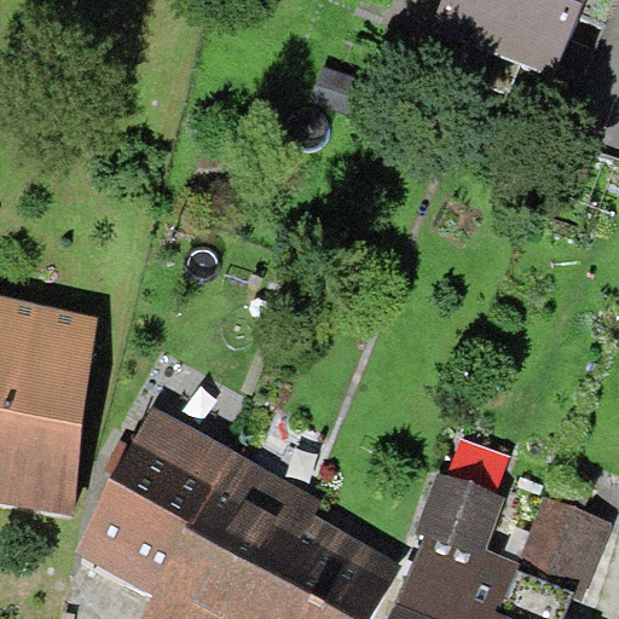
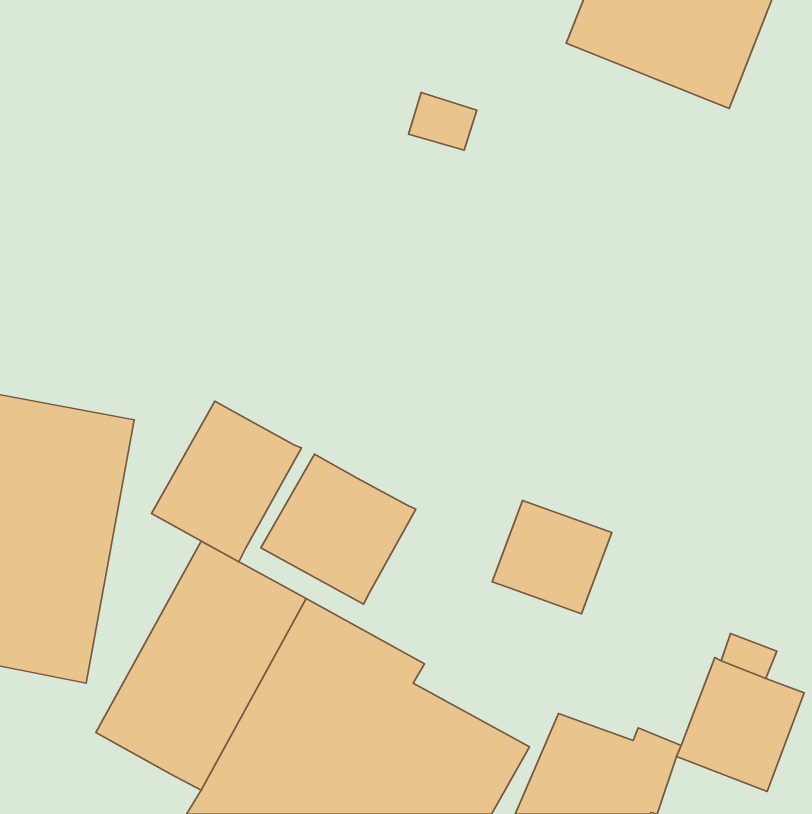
building: none -> [151,401,301,562]
building: none -> [261,454,416,604]
building: [412,475,503,561] -> [492,501,612,614]

